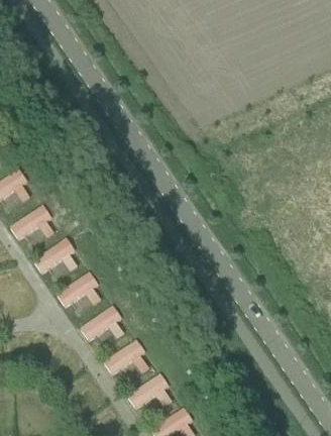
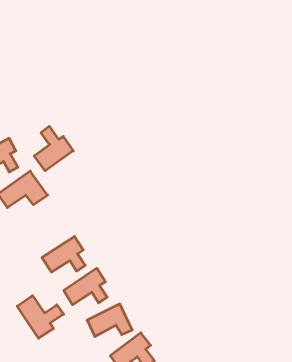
building: none -> [34,126,73,171]
building: [32,238,82,275] -> none
building: none -> [17,296,64,338]

